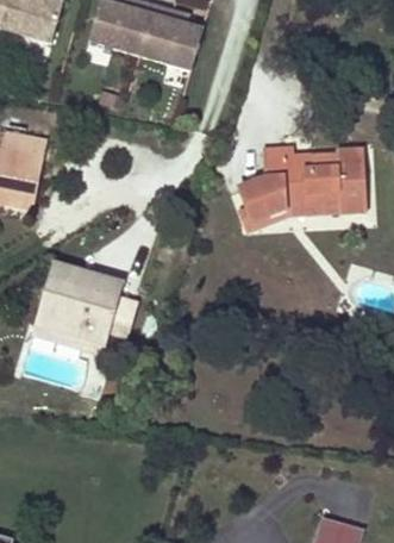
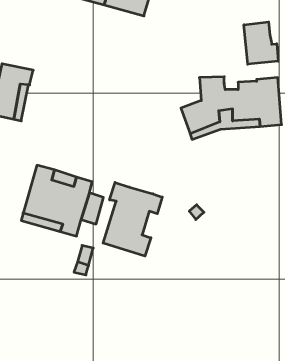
building: none -> [244,22,278,64]
building: none -> [103,182,162,256]

